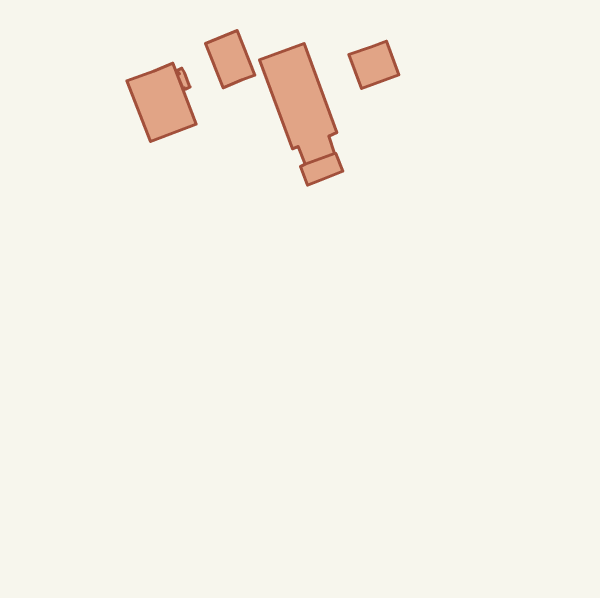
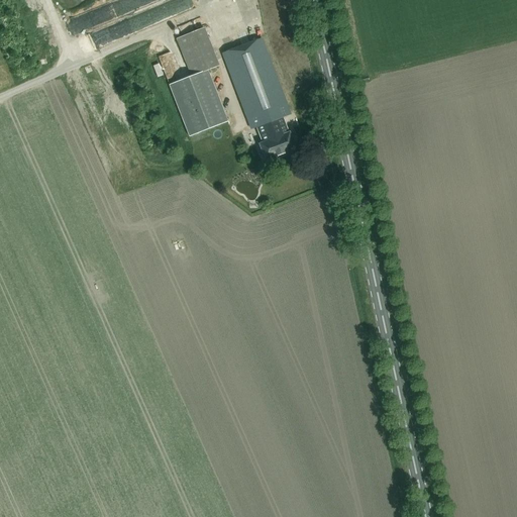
building: [349,41,399,88] -> none
building: [127,63,196,142] -> [169,69,228,136]

